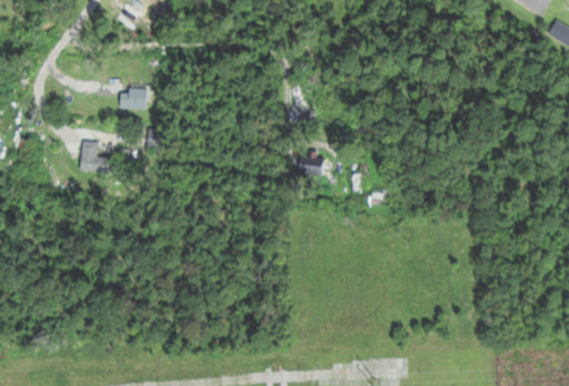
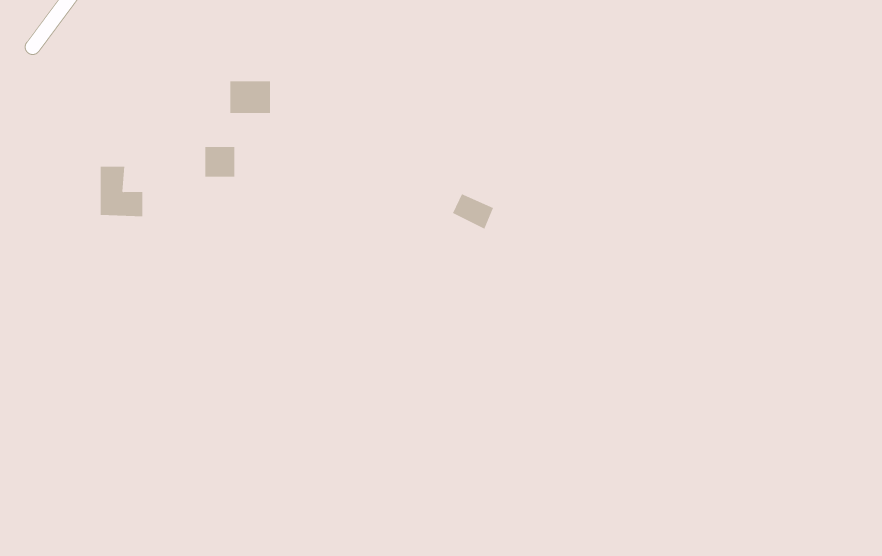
building: [120,89,146,109] -> [229,81,271,113]

